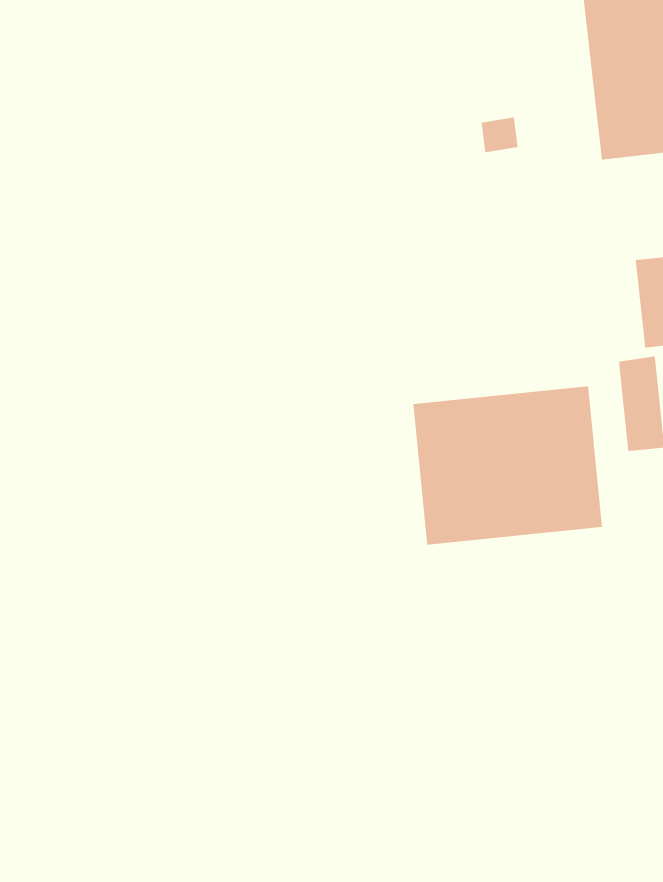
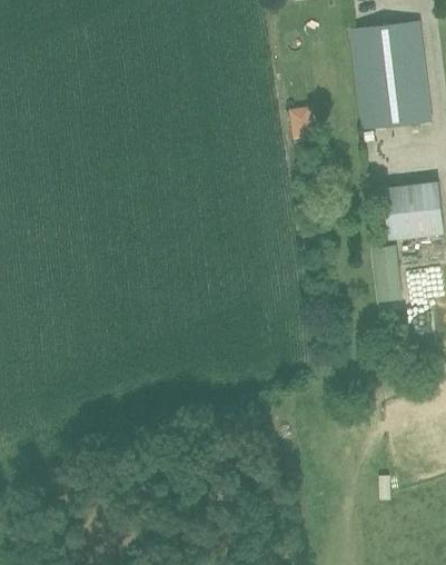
building: [413,386,603,545] -> none

